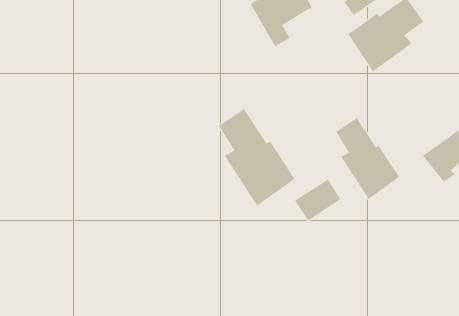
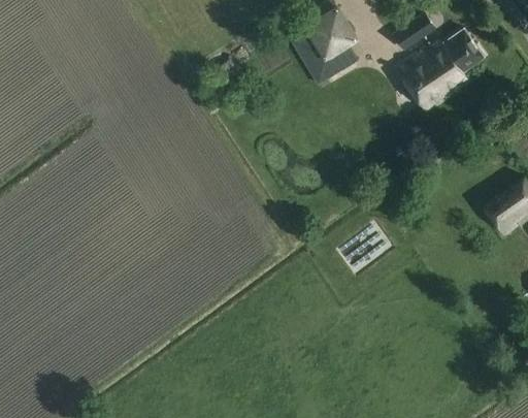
building: [218,108,295,207] -> none
building: [335,117,400,200] -> none

